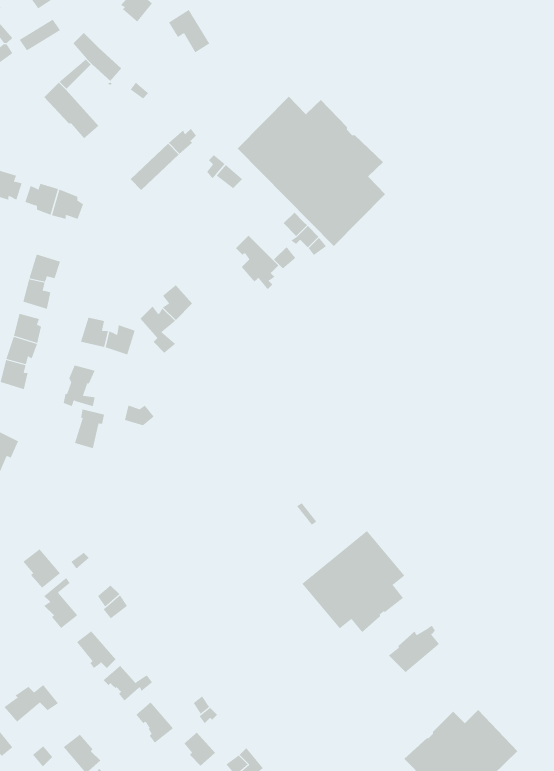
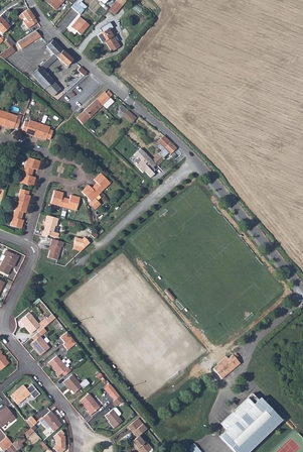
building: [237,96,386,247] -> none
building: [302,530,405,633] -> none

